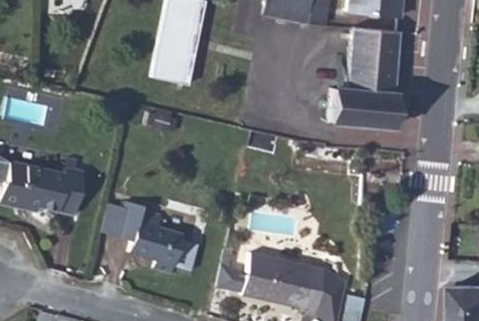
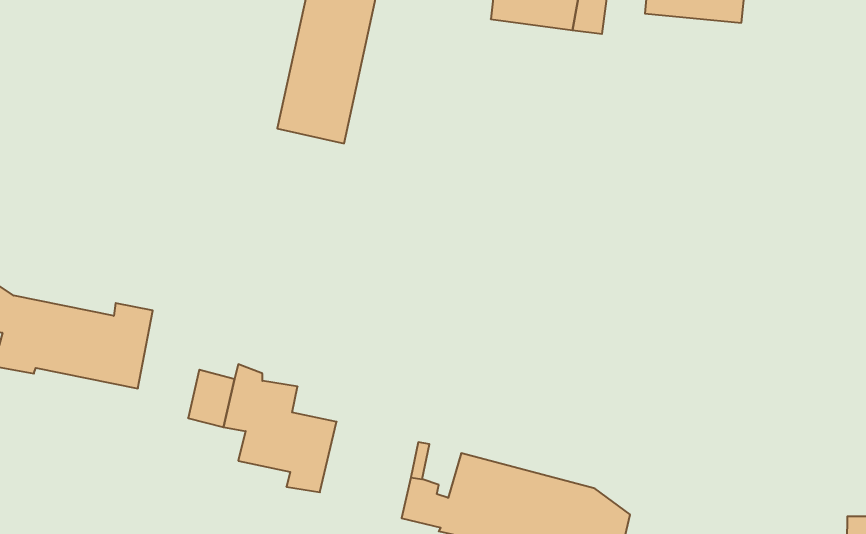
building: [333,28,404,123] -> none

